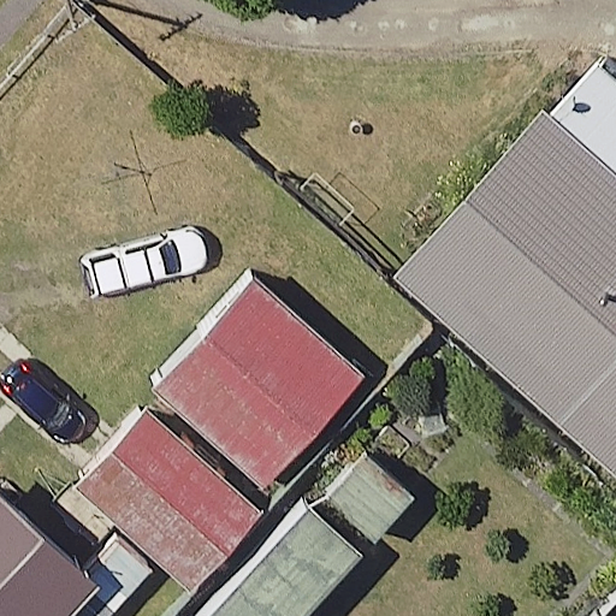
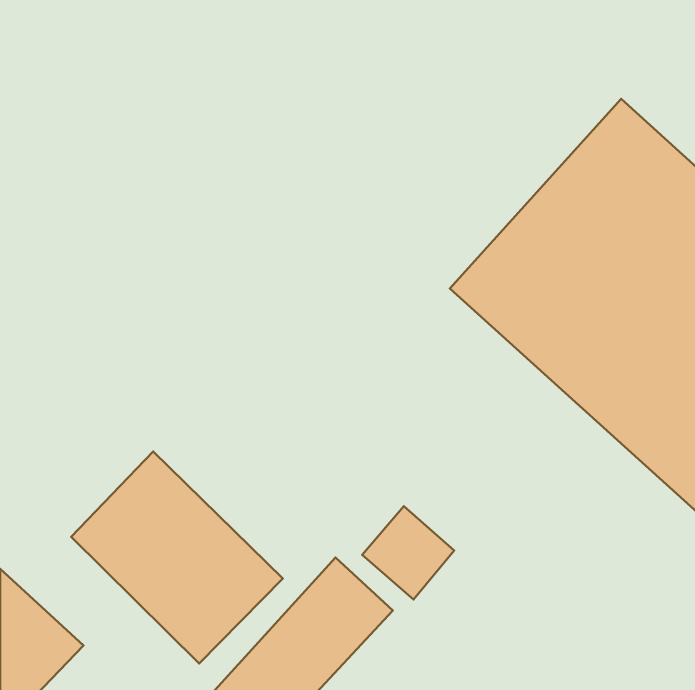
building: [155,274,363,481] -> none

